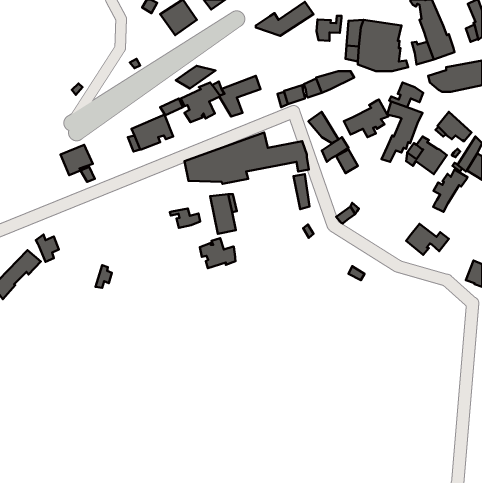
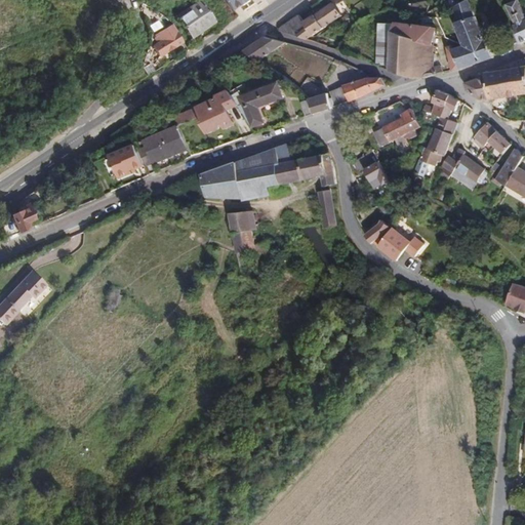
building: [317,16,342,41] -> none
building: none -> [150,24,179,56]
building: [176,66,215,89] -> [241,36,284,60]
building: [308,112,338,143] -> none
building: [61,145,93,175] -> [108,145,143,177]
building: [433,170,467,212] -> none
building: [170,209,200,228] -> none
building: [406,224,449,255] -> [377,227,423,260]
building: [36,235,59,262] -> [7,202,32,232]
building: [200,238,236,268] -> none

